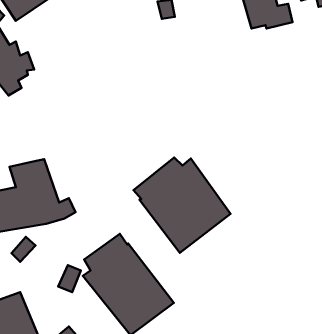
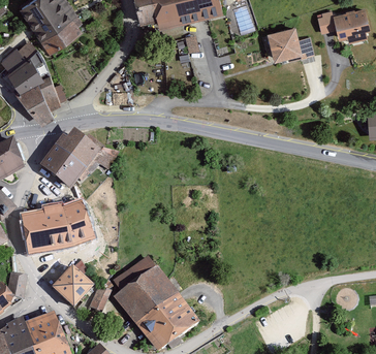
building: none -> [39,130,119,188]
building: [133,158,231,253] -> none
building: none -> [51,261,94,310]

